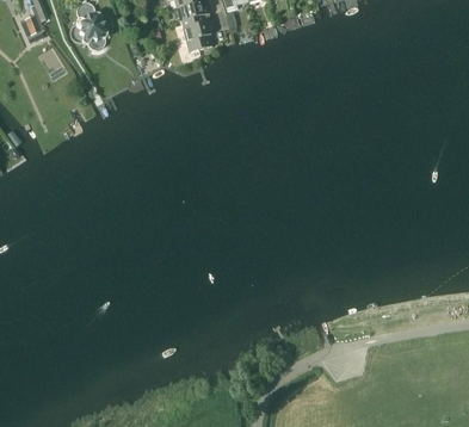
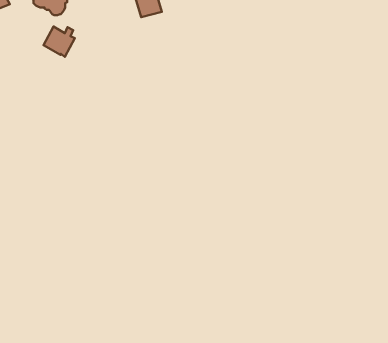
building: none -> [44,27,75,57]

